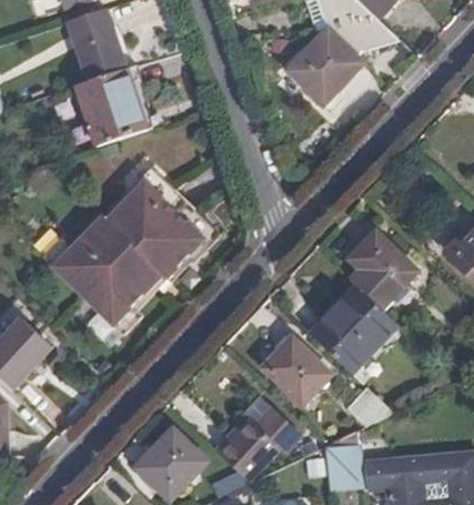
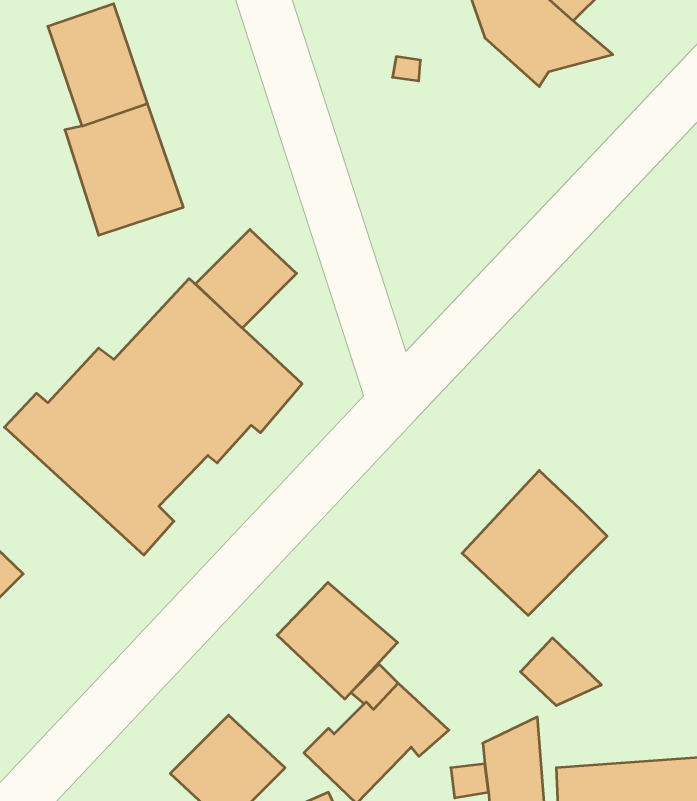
building: [283,29,361,107] -> none
building: none -> [195,229,297,328]
building: [346,231,414,307] -> none
building: [260,334,331,403] -> [277,582,398,699]

